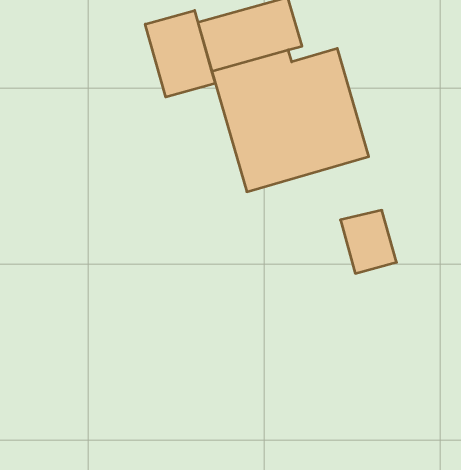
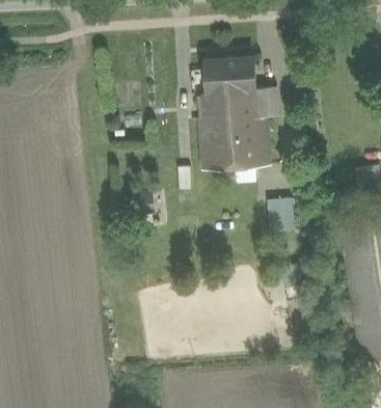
building: [145,10,215,97] -> none

